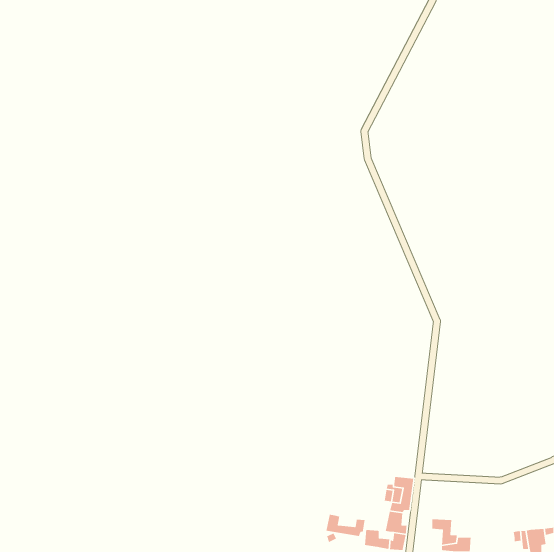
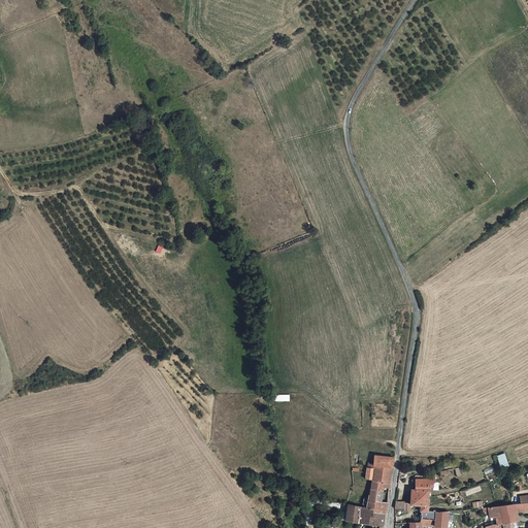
building: none -> [410,474,437,496]
building: [326,514,365,537] -> none

